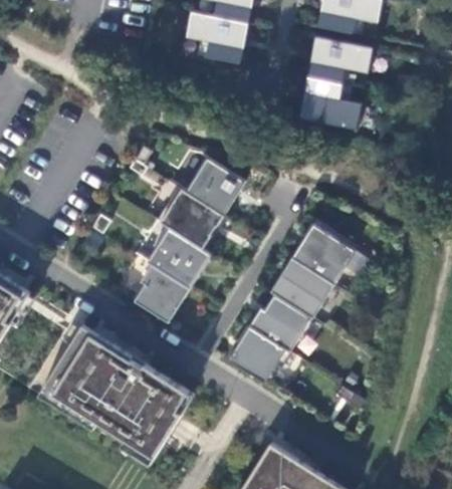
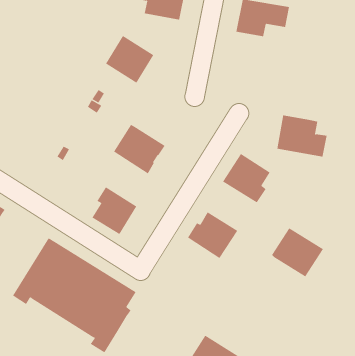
building: [300,77,362,129] -> [277,115,327,157]
building: [185,157,244,215] -> [105,35,154,83]
building: [147,227,211,288] -> none
building: [270,258,333,318] -> [271,227,324,277]
building: [227,325,291,383] -> none

